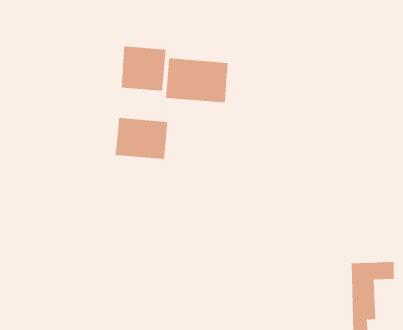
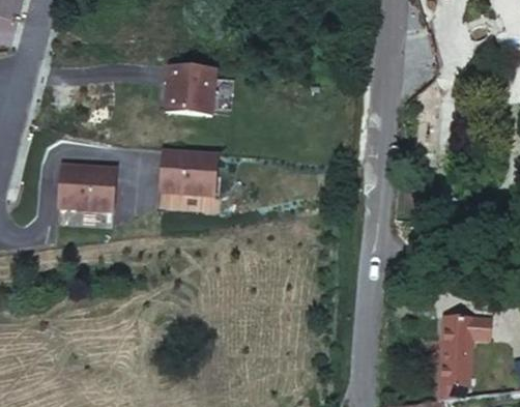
building: [166,58,228,103] -> none
building: none -> [56,162,118,212]

